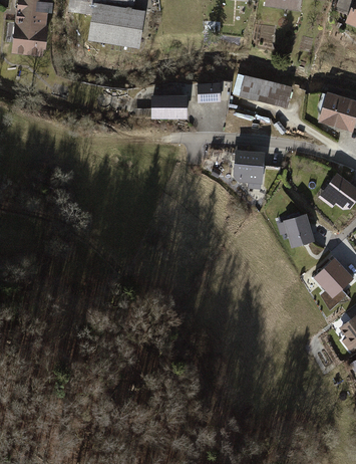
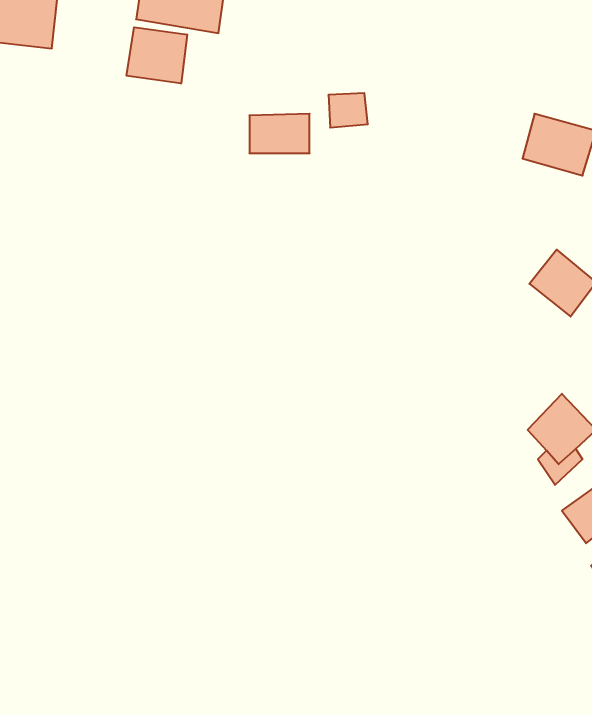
building: none -> [127,27,187,84]
building: [236,73,293,106] -> none
building: [233,151,264,189] -> none
building: [287,213,318,247] -> none

